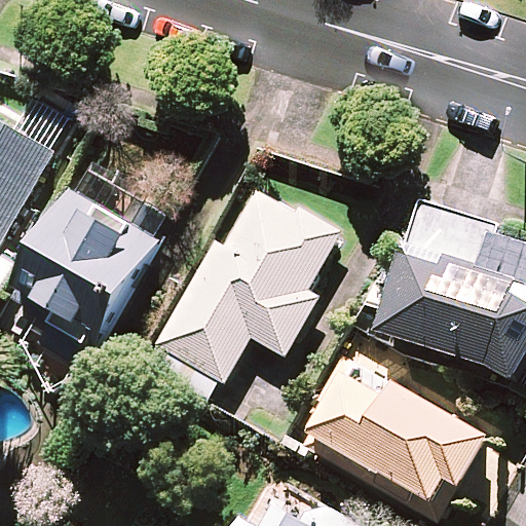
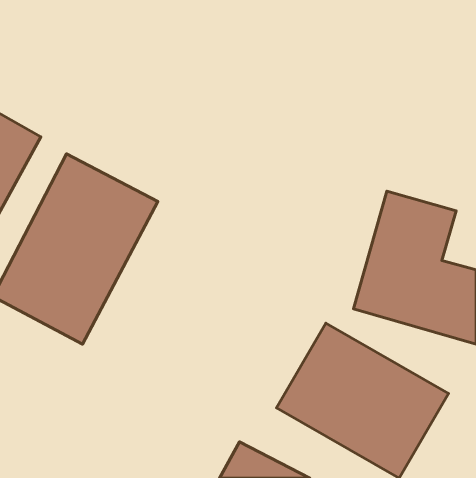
building: [154,182,336,397] -> none

